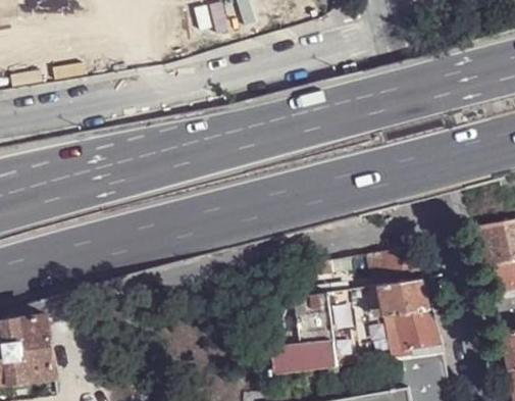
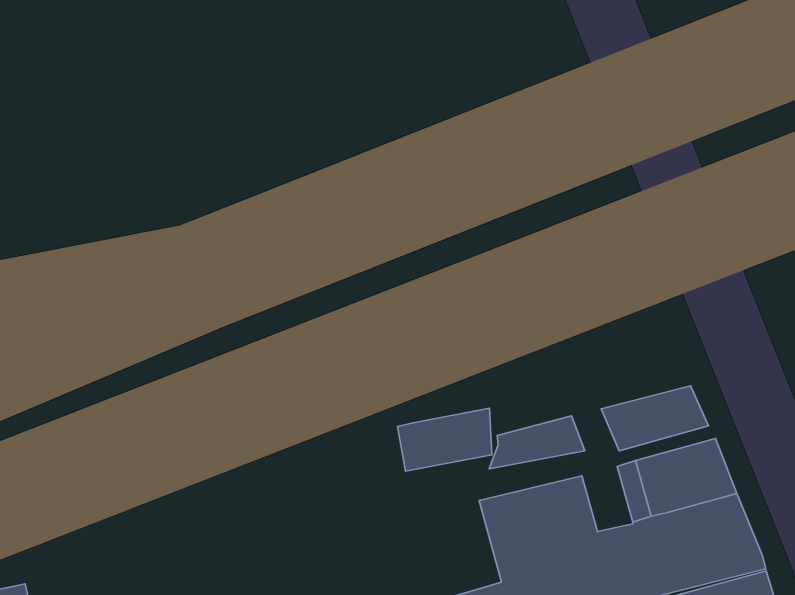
building: none -> [397,408,492,471]

